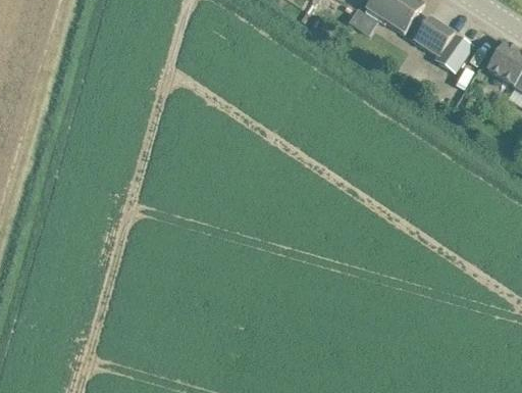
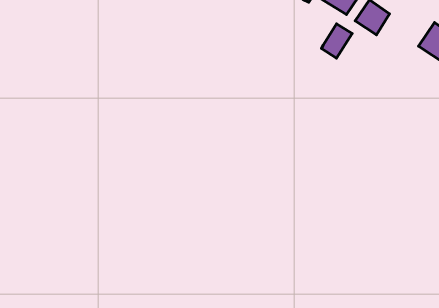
building: [435,32,471,71] -> [321,24,352,58]

